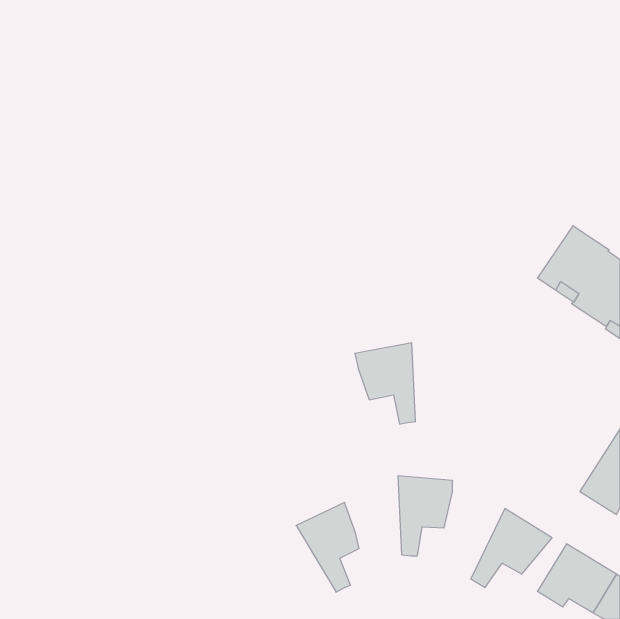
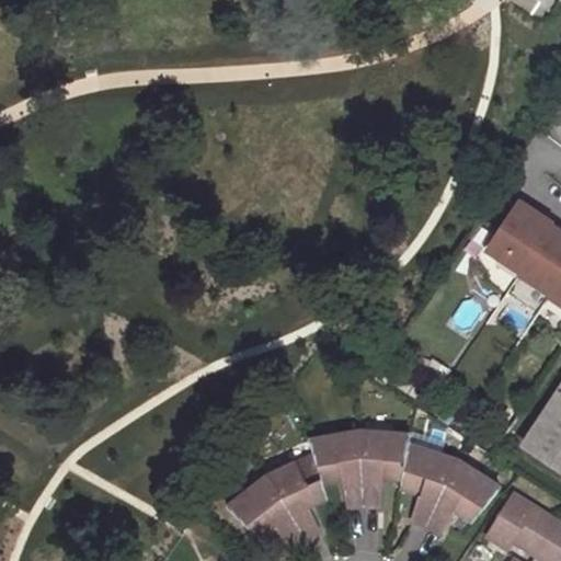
building: [355,343,415,424] -> [308,430,363,503]
building: none -> [400,444,456,523]
building: none -> [229,474,304,543]

